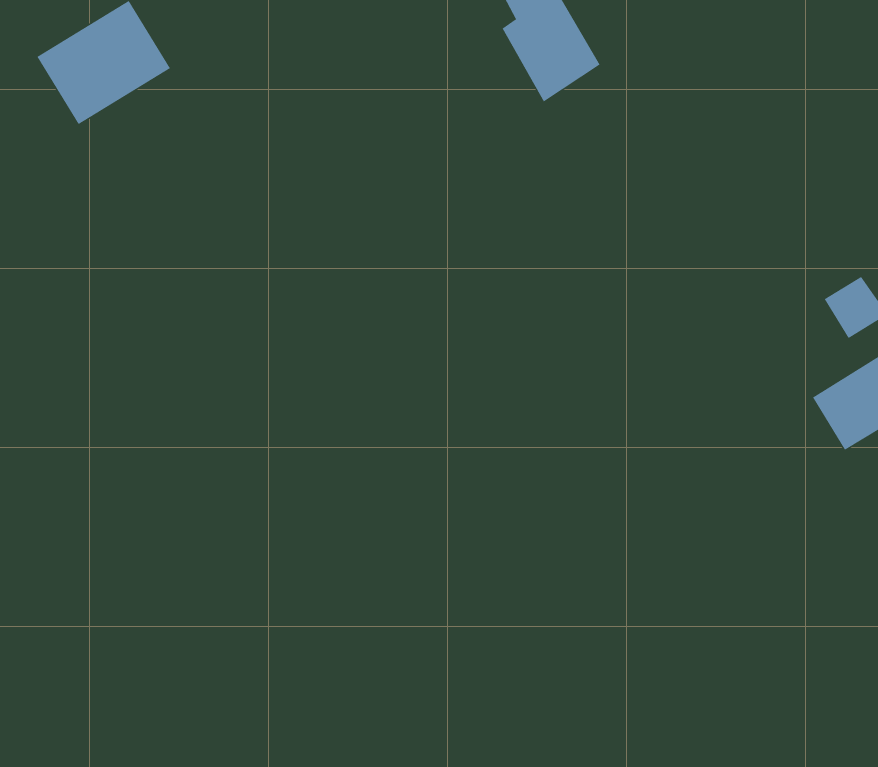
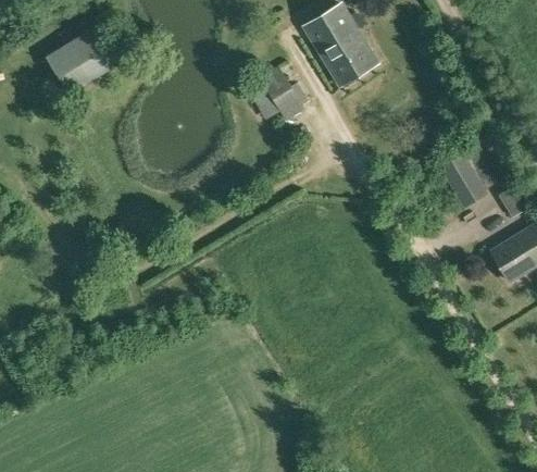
building: none -> [260,66,305,122]
building: none -> [438,148,497,209]

